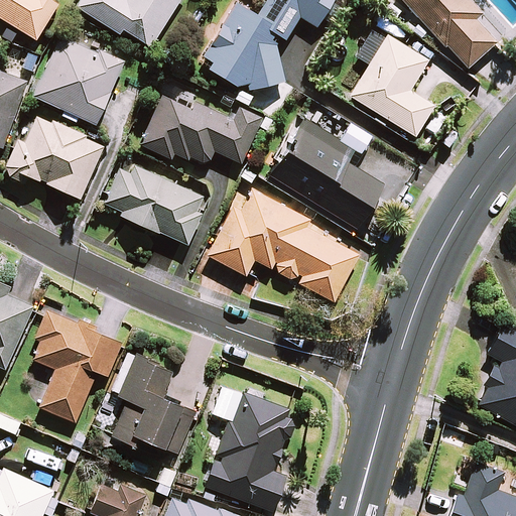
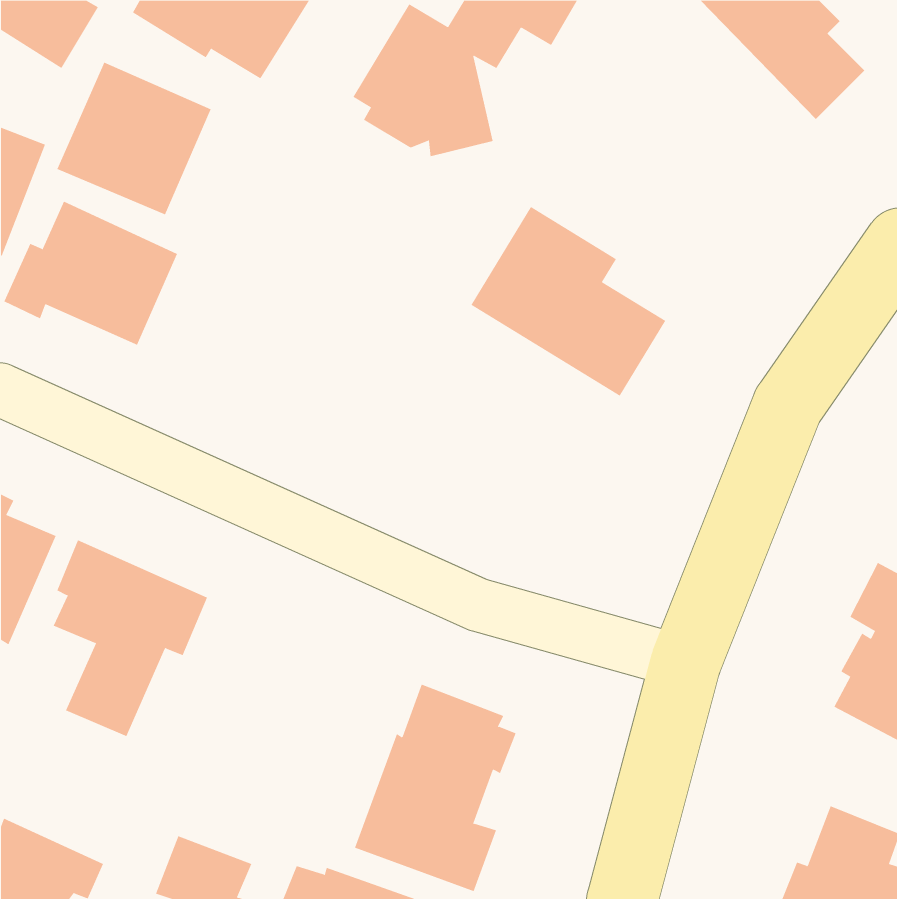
building: [351,36,434,137] -> none
building: [141,96,263,164] -> none
building: [105,162,208,245] -> none
building: [209,187,359,301] -> none
building: [111,351,197,454] -> none

